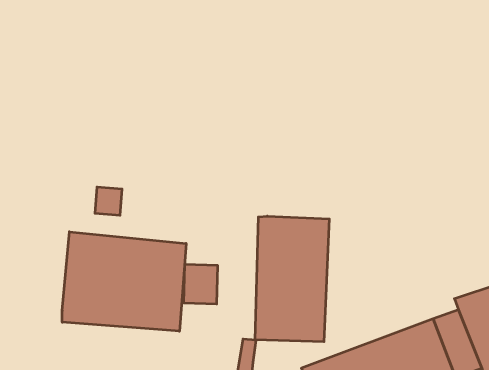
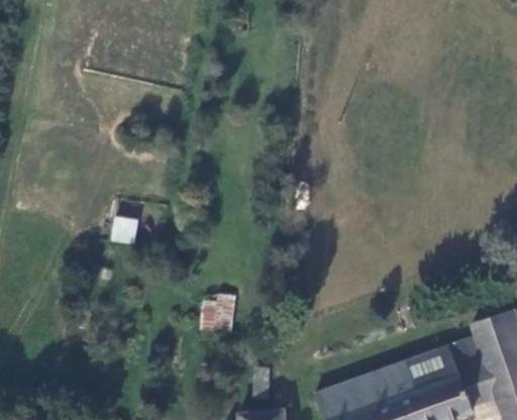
building: [255,216,329,342] -> none
building: [62,232,186,331] -> none

